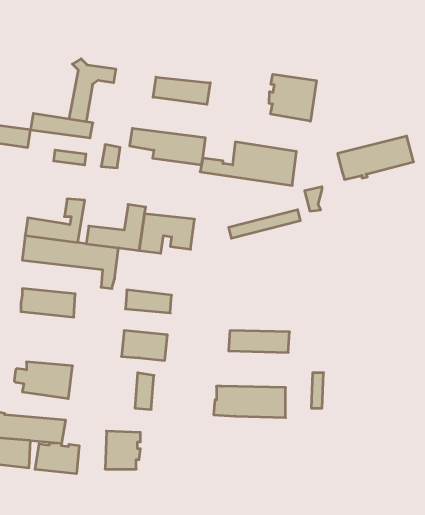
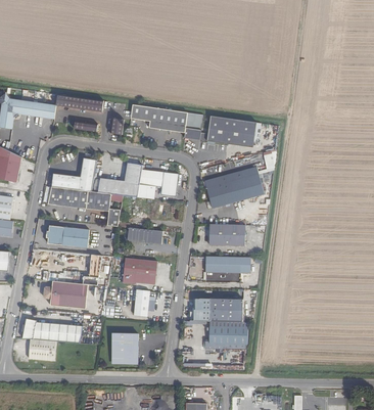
building: [69,59,116,122] -> none
building: [269,74,316,121] -> none
building: [153,77,210,104] -> none
building: [338,136,414,179] -> [206,174,264,207]
building: none -> [212,224,250,245]
building: none -> [204,321,247,349]
building: [35,443,79,474] -> none

